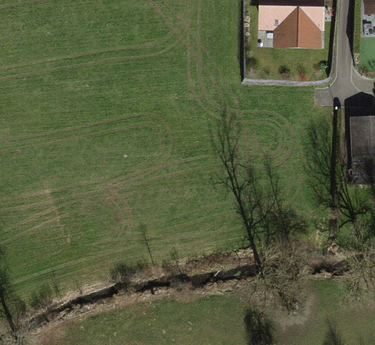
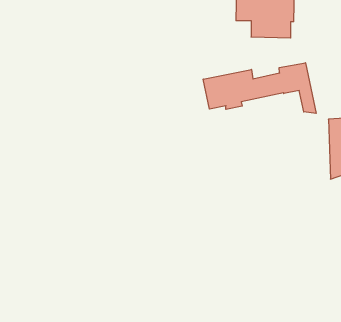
building: none -> [203,63,316,113]

